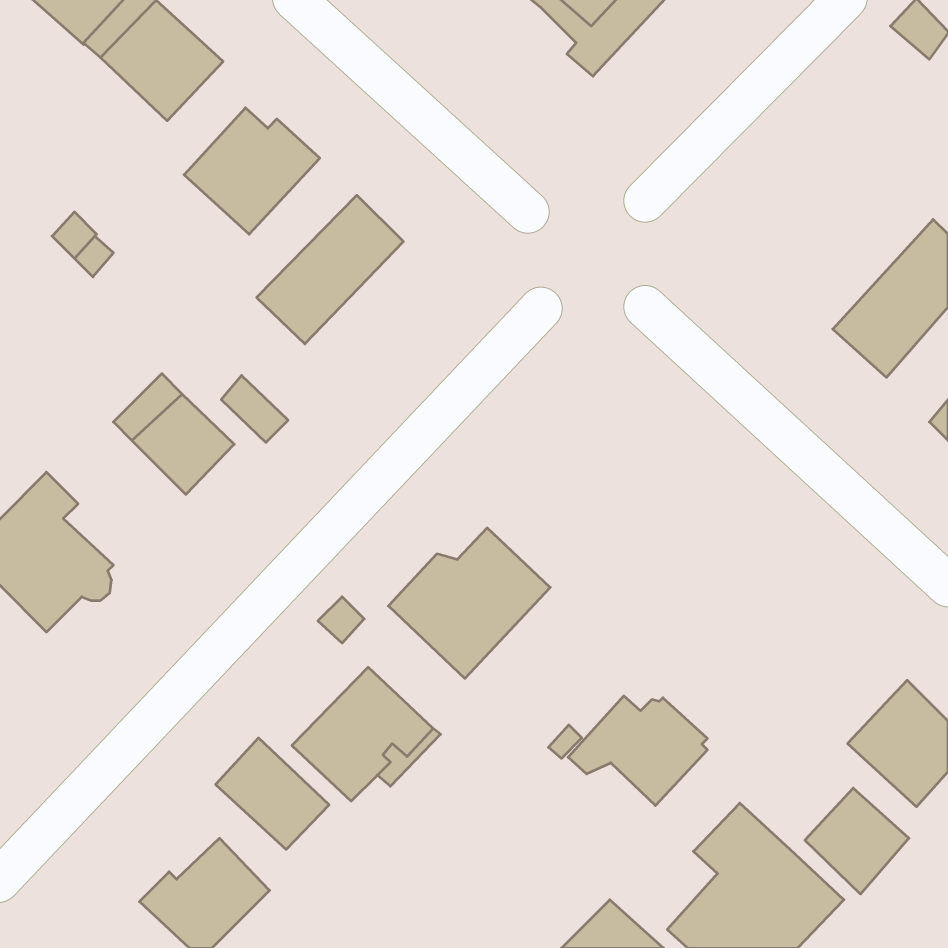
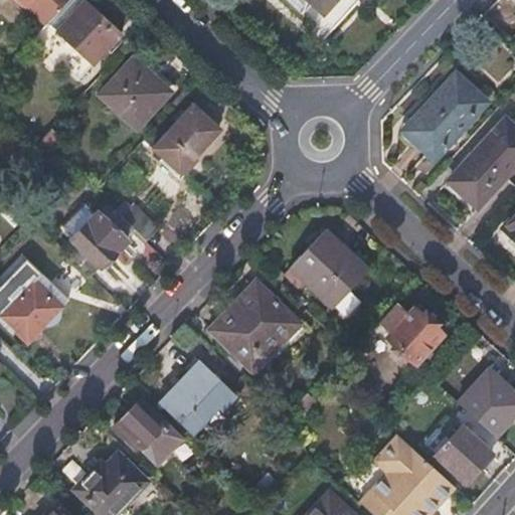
building: none -> [402,73,486,158]
building: none -> [284,231,367,307]
building: [568,696,707,806] -> [368,305,444,364]

